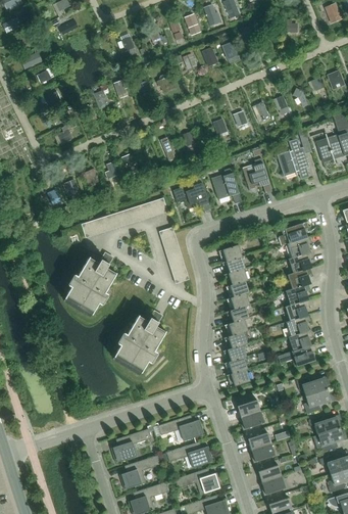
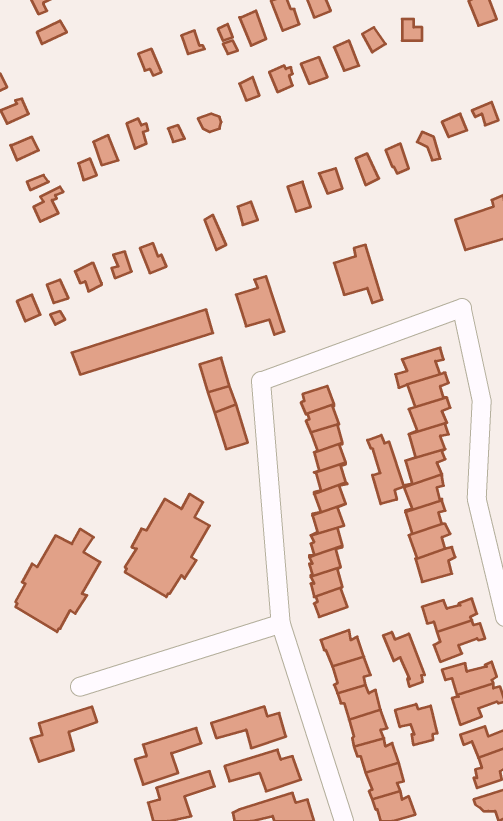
building: [277,139,309,180] -> none
building: [212,169,242,204] -> none
building: [64,253,116,317] -> [16,529,100,632]
building: none -> [367,435,404,504]
building: none -> [383,632,425,687]
building: [158,416,204,441] -> none
building: [110,429,151,463] -> [31,707,97,762]
building: none -> [395,704,437,745]

